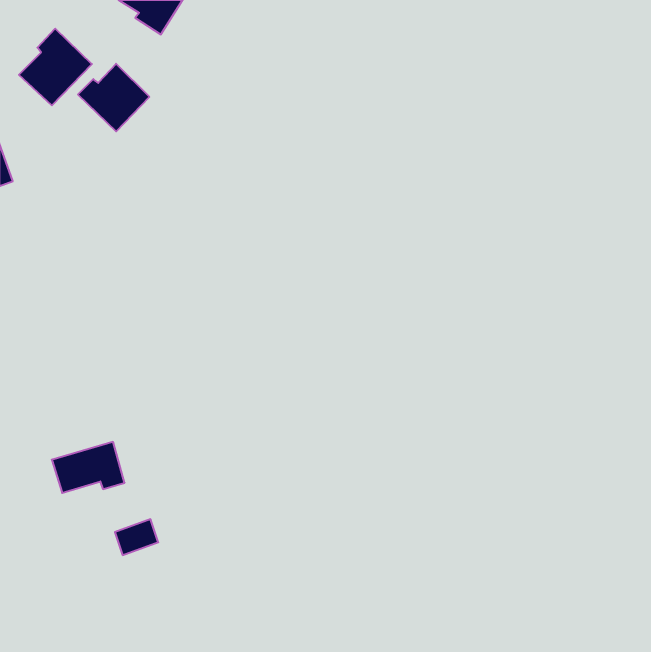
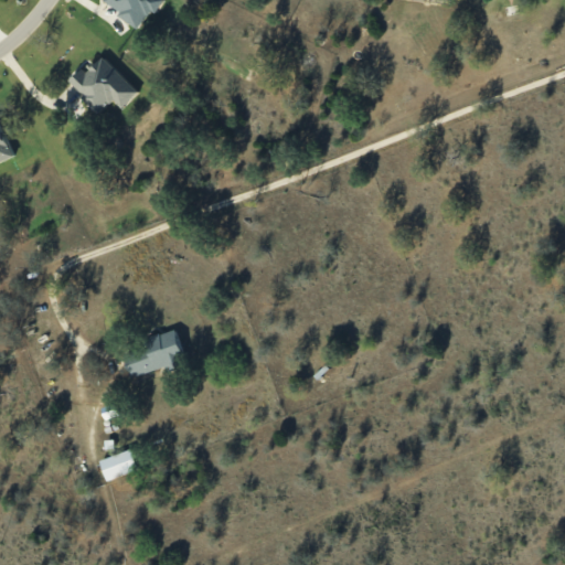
building: [19,29,92,105] -> none
building: [52,442,125,493] -> [122,332,185,376]

